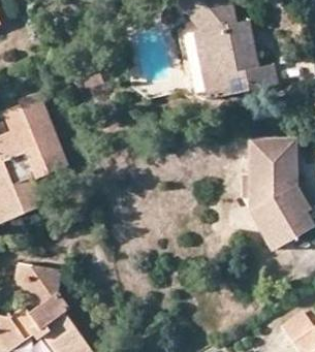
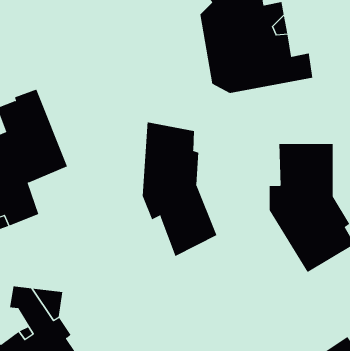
building: none -> [142,122,217,257]

